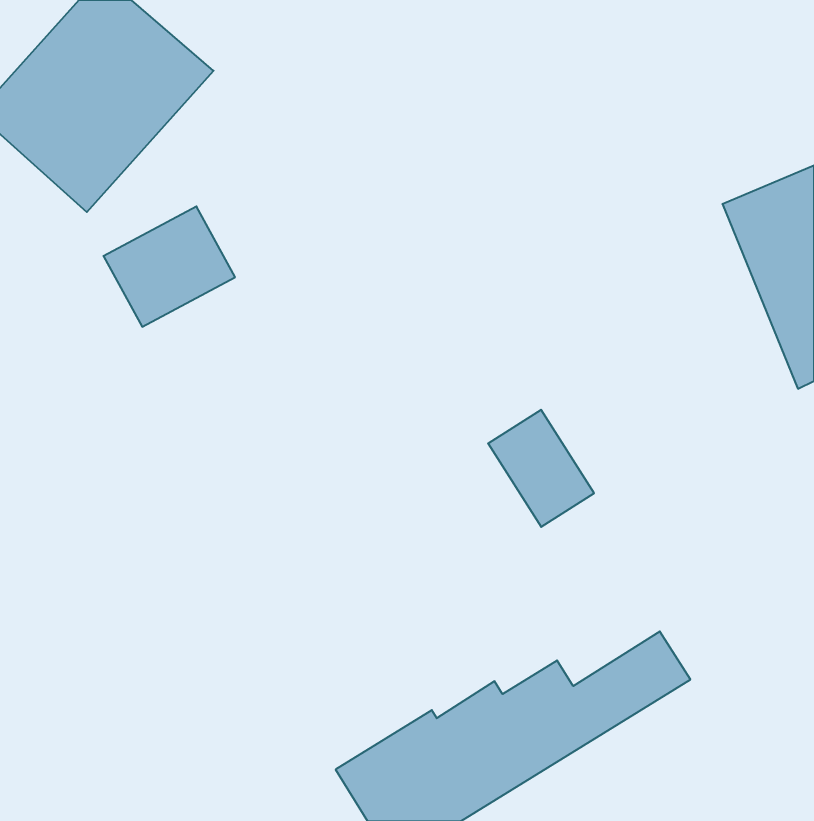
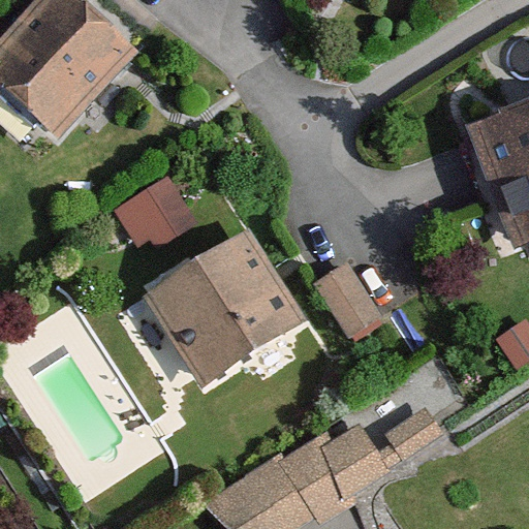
building: [103,206,235,327] -> [115,176,199,253]
building: none -> [144,231,303,384]

